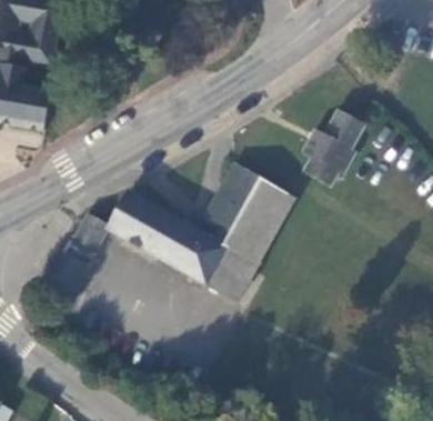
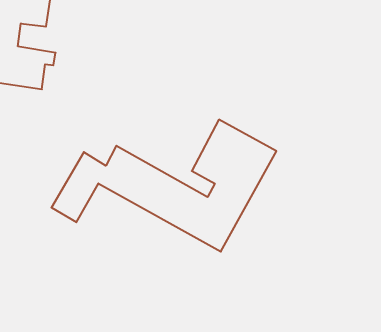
building: [301,111,366,191] -> none

